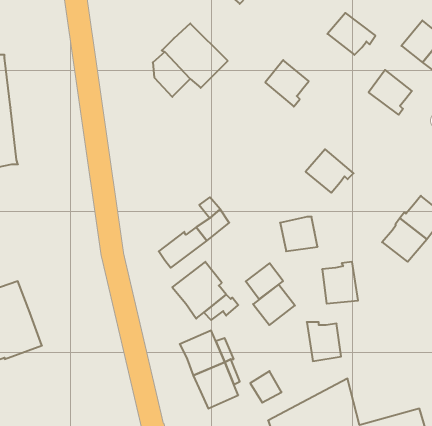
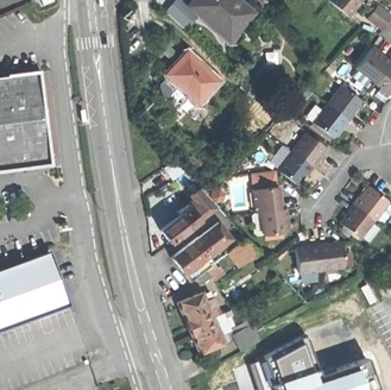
building: [327,13,375,55] -> [315,105,353,138]
building: [265,60,309,107] -> [295,132,329,169]
building: none -> [251,180,280,208]
building: [253,285,295,325] -> [200,224,233,256]
building: [307,322,341,361] -> [316,239,343,270]

